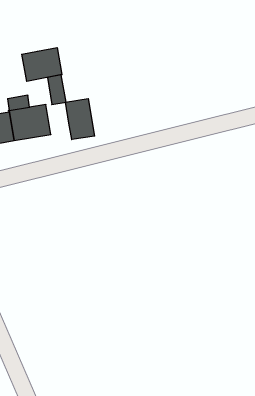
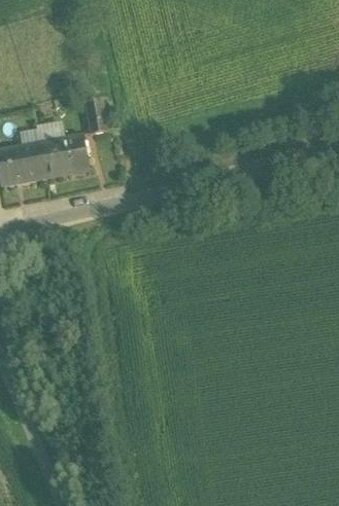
building: [22,48,62,81] -> none
building: [65,99,95,140] -> none

